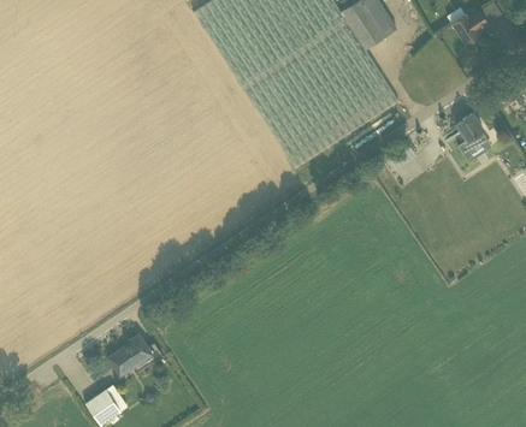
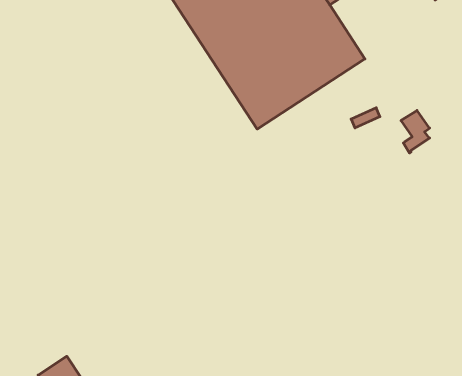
building: [456,113,484,154] -> [401,110,430,153]
building: [108,333,165,374] -> none

